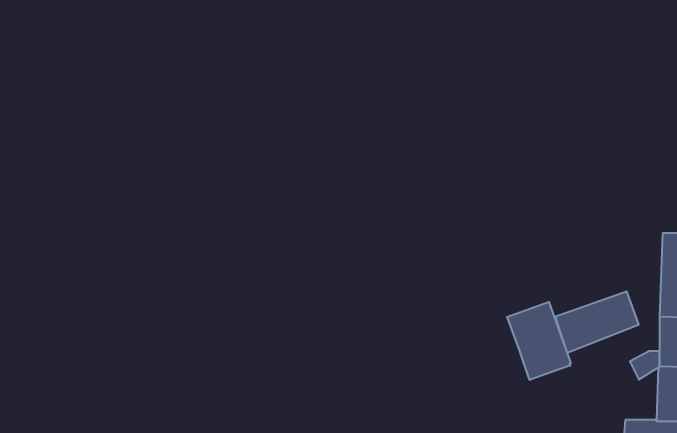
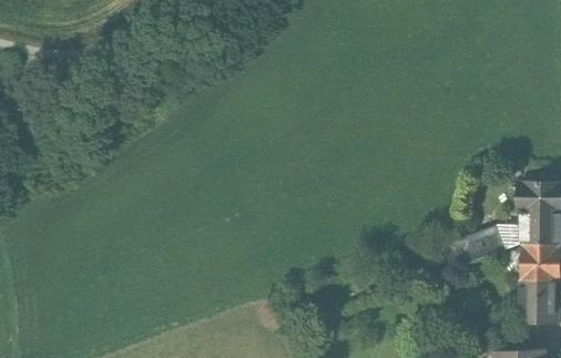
building: [507,302,571,380] -> none

